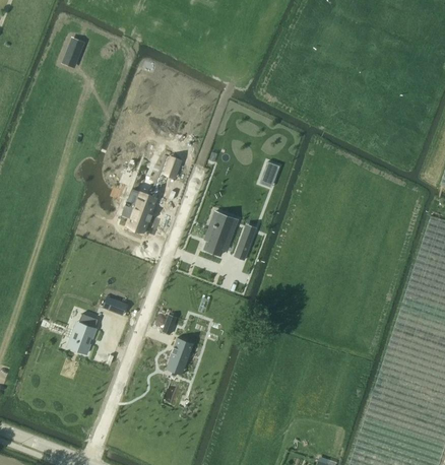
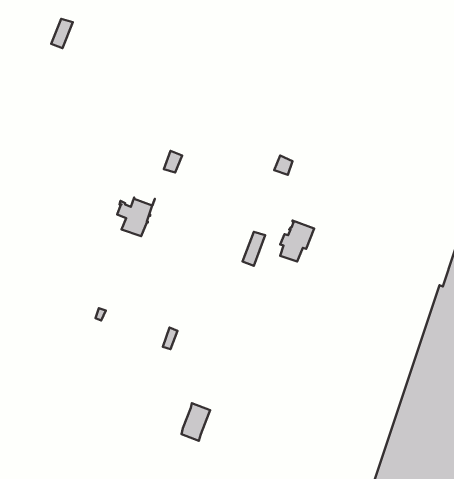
building: [204,218,235,255] -> [280,221,314,262]
building: [67,314,98,353] -> none
building: [168,337,193,371] -> [182,403,210,441]

